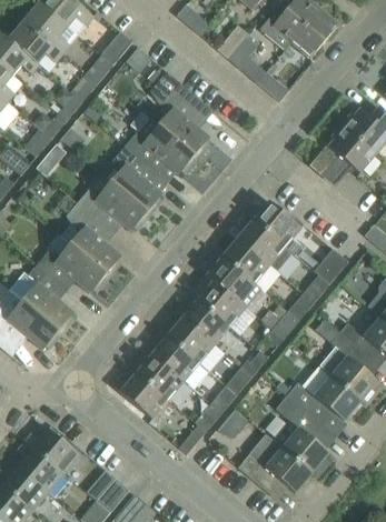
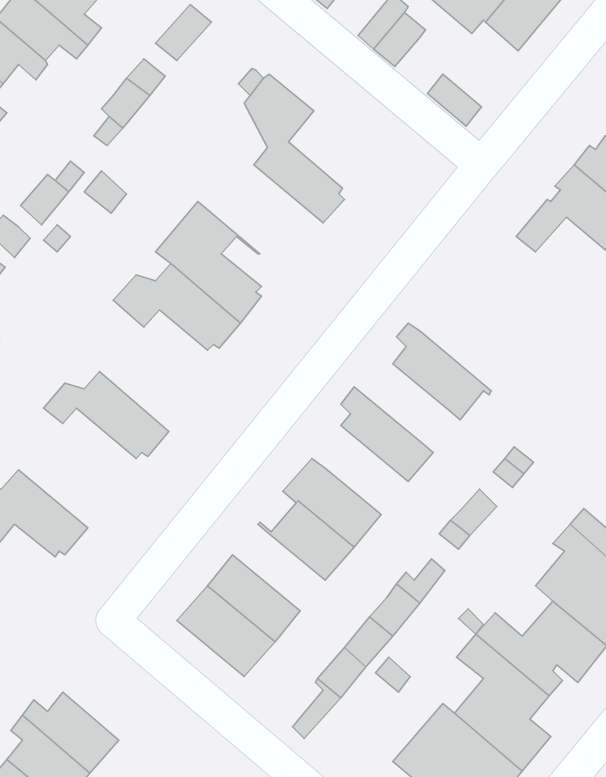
building: [126,110,198,175] -> none
building: [247,201,305,254] -> none
building: [66,202,122,278] -> none
building: [216,239,270,284] -> none
building: [315,249,349,284] -> none
building: [22,264,75,333] -> none
building: [199,274,247,325] -> none
building: [146,331,199,381] -> none

